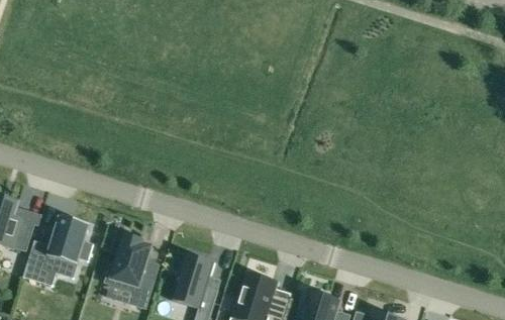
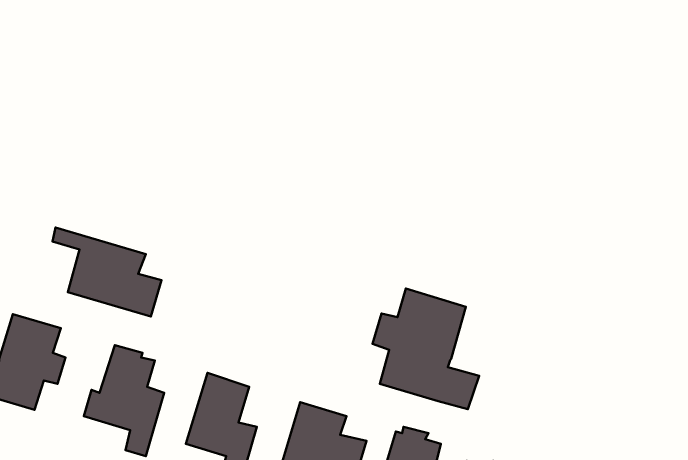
building: none -> [53,227,162,317]
building: none -> [372,289,479,409]

